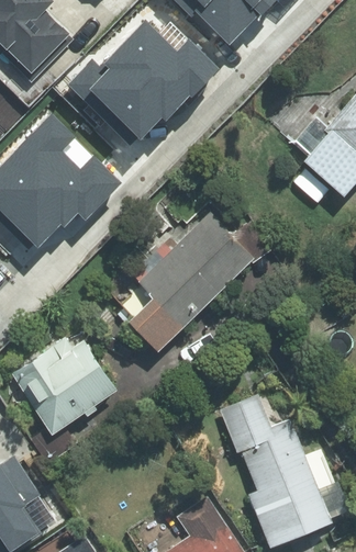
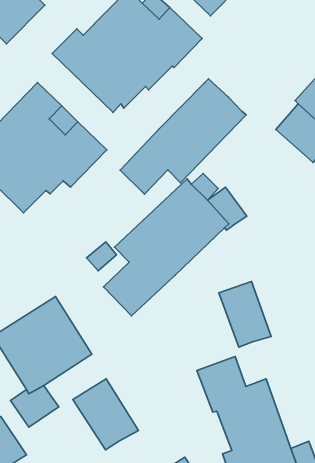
building: none -> [120,79,246,194]
building: none -> [219,281,271,347]
building: none -> [73,379,138,450]

